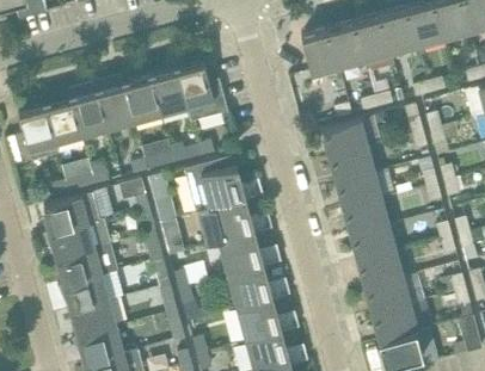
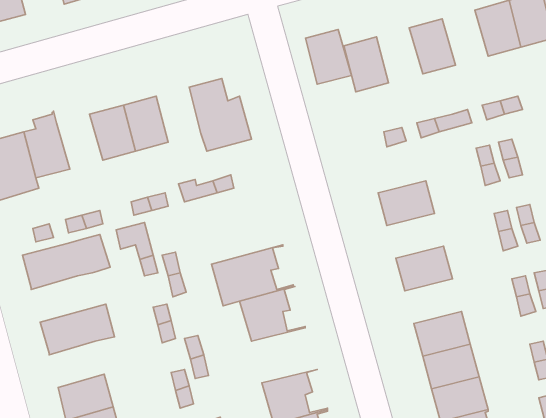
building: [381,8,418,52] -> none
building: [329,23,366,67] -> [305,29,351,84]
building: [152,70,188,115] -> none
building: [72,92,109,136] -> none
building: [323,119,368,155] -> none
building: [184,155,253,212] -> none
building: [337,172,382,208] -> none
building: [43,218,111,259] -> none
building: [351,224,397,260] -> none
building: [228,264,281,308] -> none
building: [57,274,110,311] -> none

